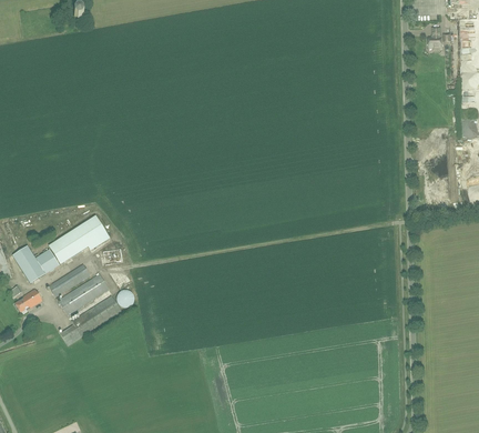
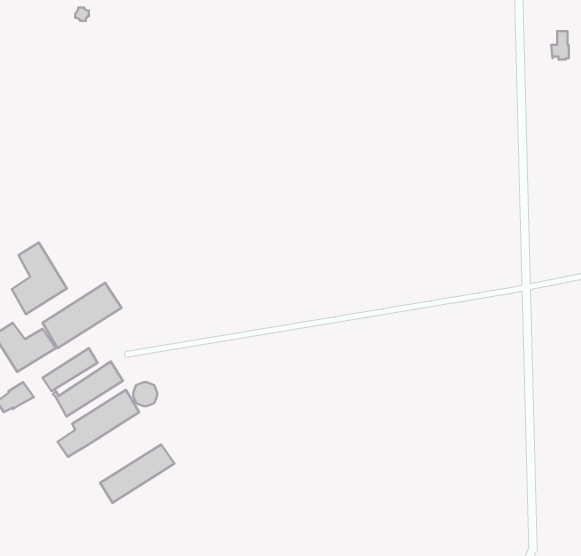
building: none -> [12,242,67,314]
building: none -> [100,444,174,503]

